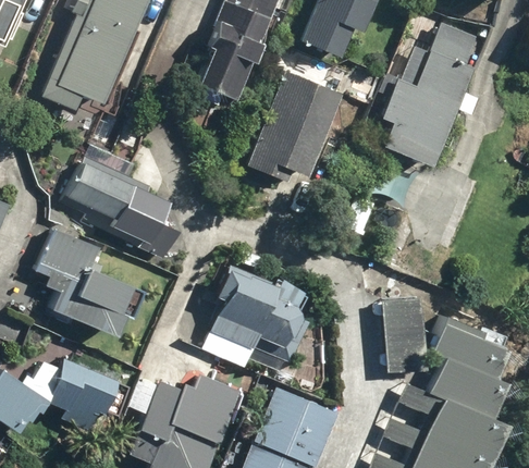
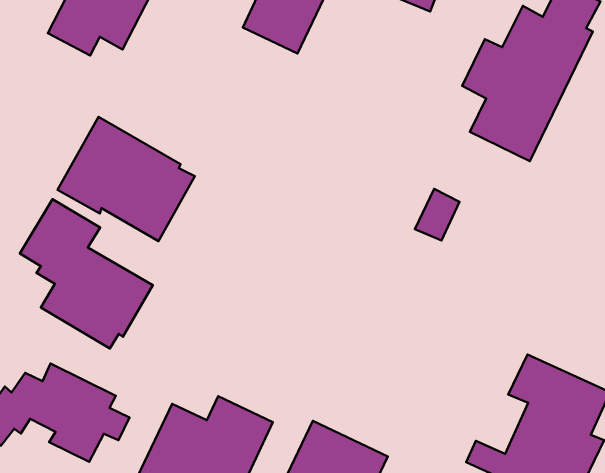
building: [249,69,344,181] -> none
building: [206,263,318,369] -> none
building: [385,296,427,378] -> none

